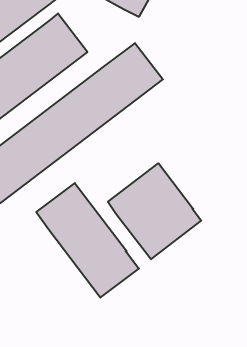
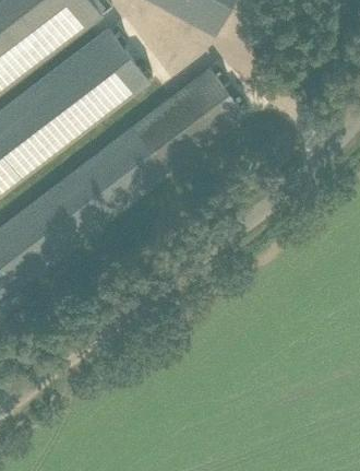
building: [108,163,201,259] -> none
building: [36,183,139,298] -> none

